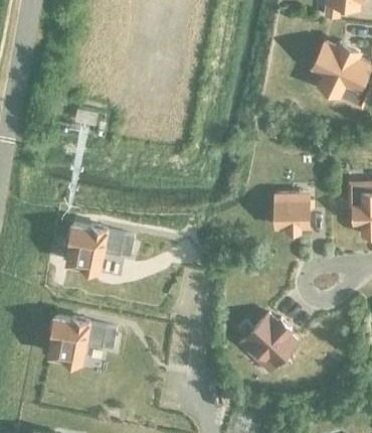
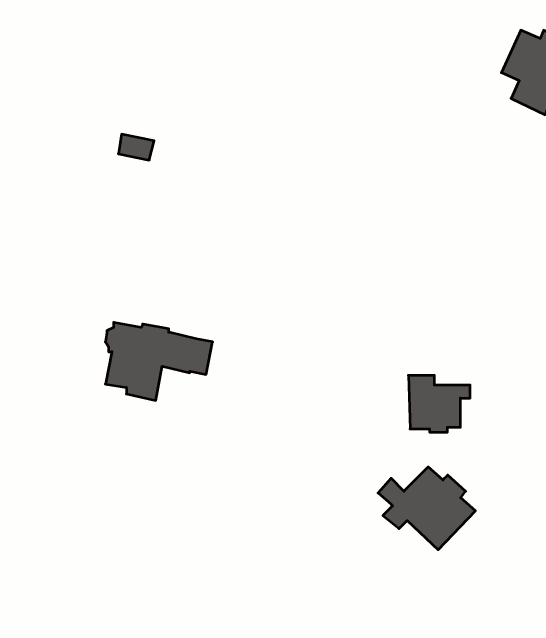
building: [274,194,313,230] -> [408,375,470,432]
building: [48,316,116,366] -> none

